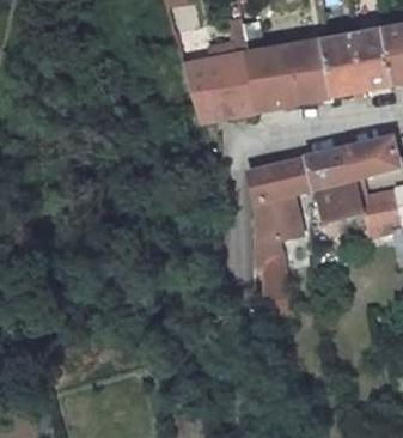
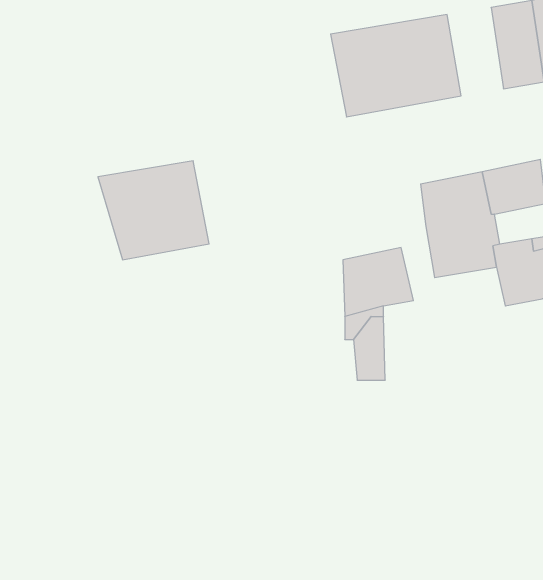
building: [326,36,365,96] -> none
building: [183,54,258,121] -> [98,161,209,260]
building: [248,156,312,207] -> none

